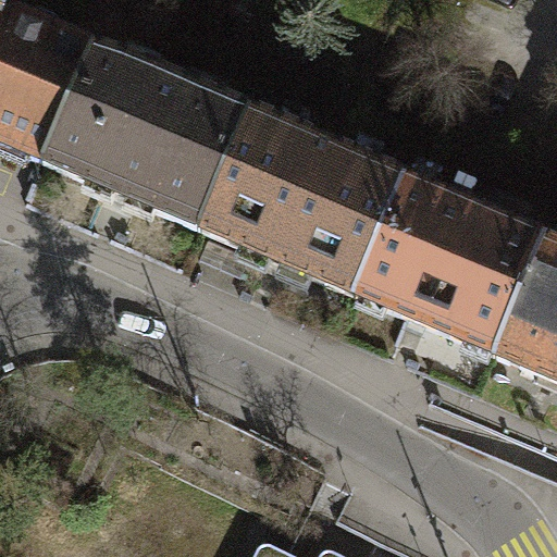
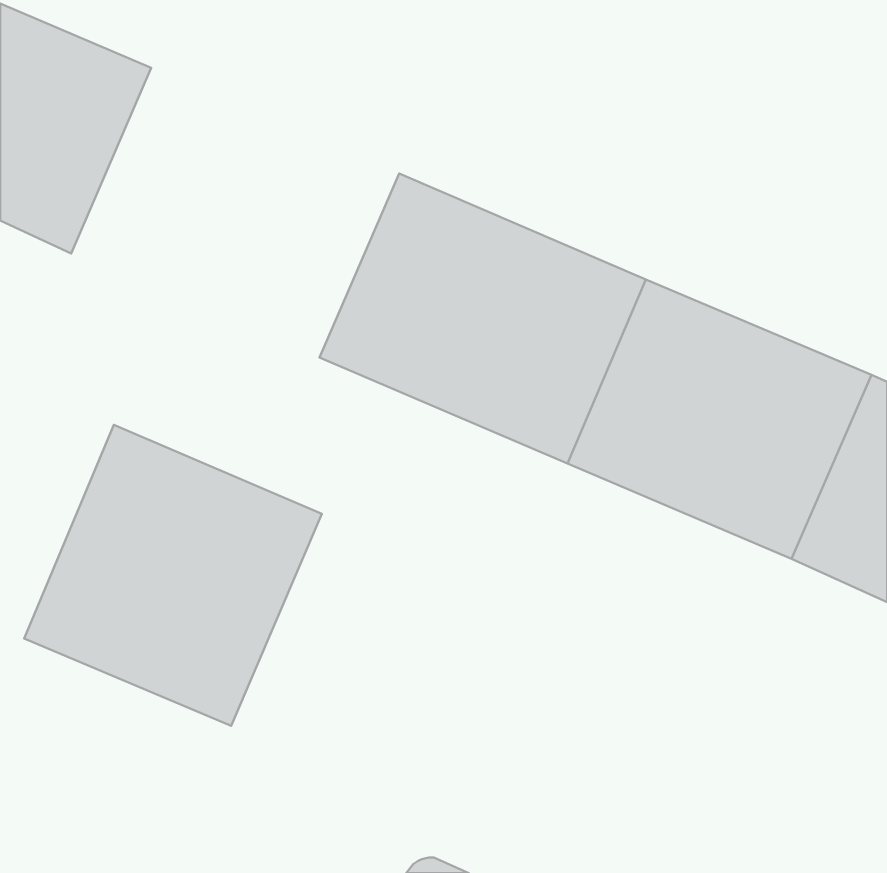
building: [45,42,250,224] -> none
building: none -> [24,425,322,726]

